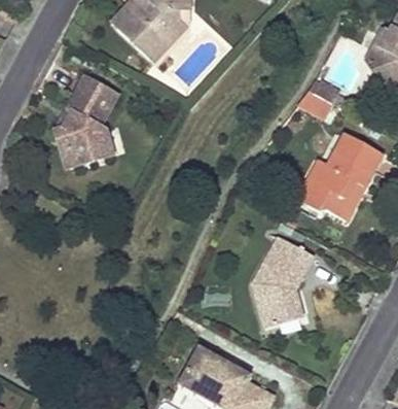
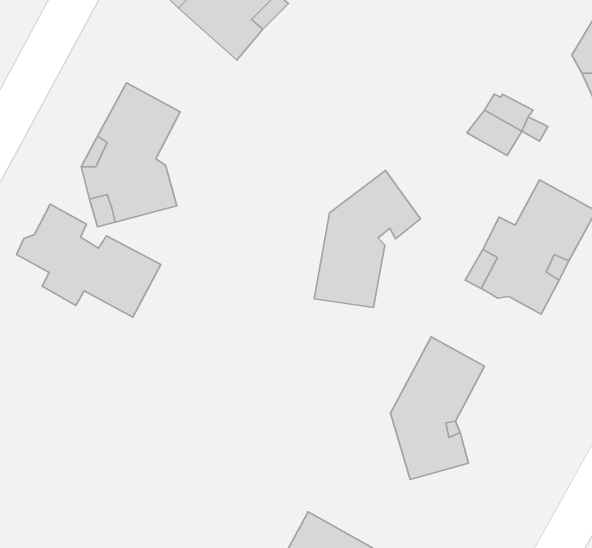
building: none -> [314,170,421,307]
building: none -> [17,204,161,317]

